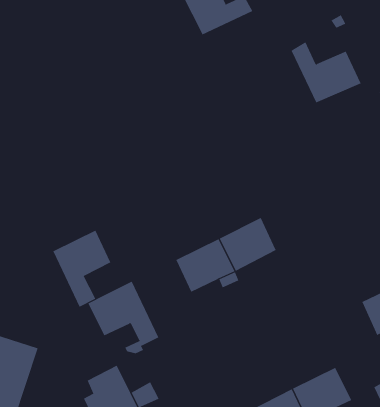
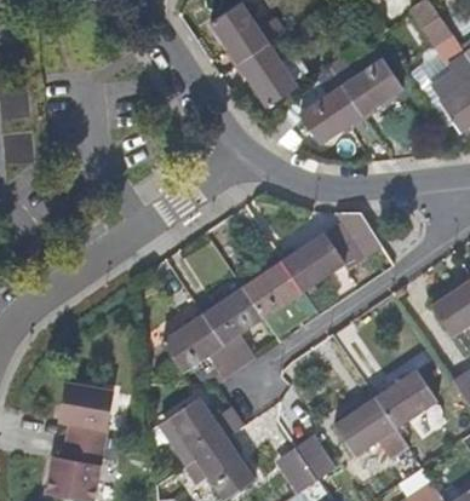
building: none -> [237,31,294,104]
building: none -> [298,65,359,143]
building: none -> [326,211,380,270]
building: [52,230,111,307] -> [201,287,260,365]

